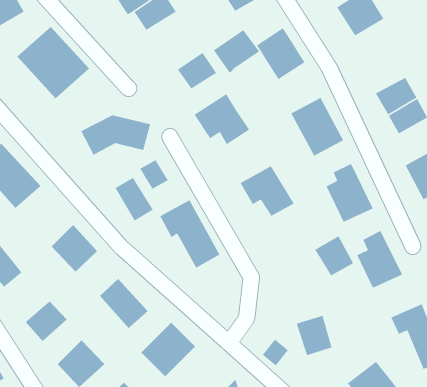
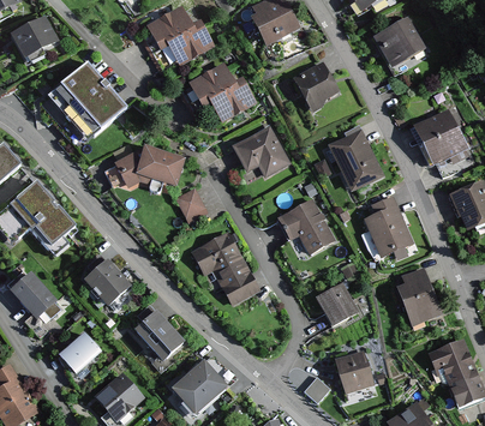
building: [213,29,260,74] -> [191,60,239,106]
building: [115,177,154,222] -> none
building: [314,235,354,277] -> [316,284,357,326]

